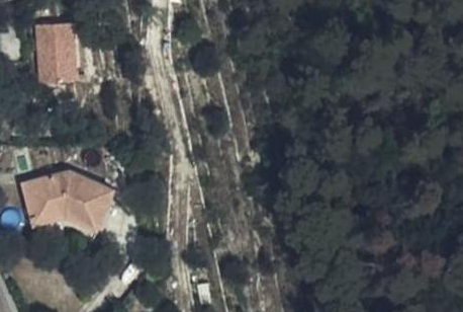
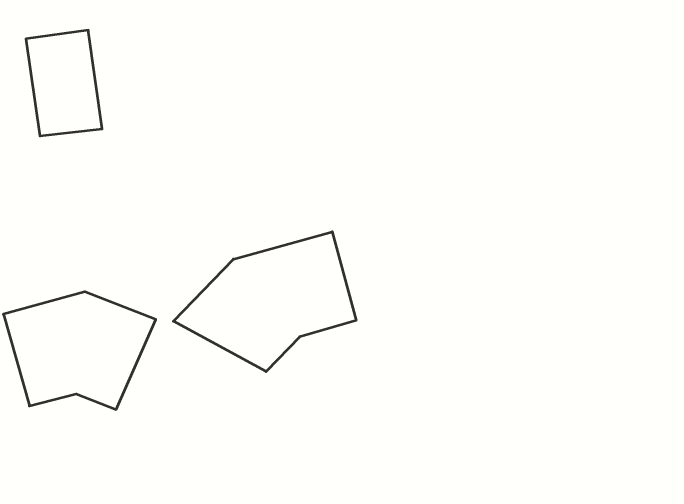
building: none -> [173,232,356,372]

